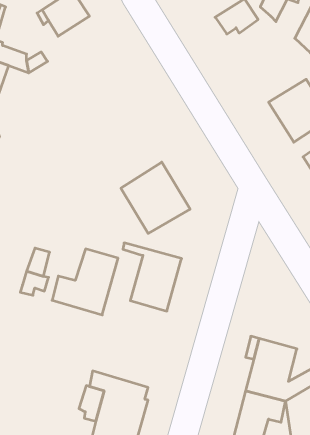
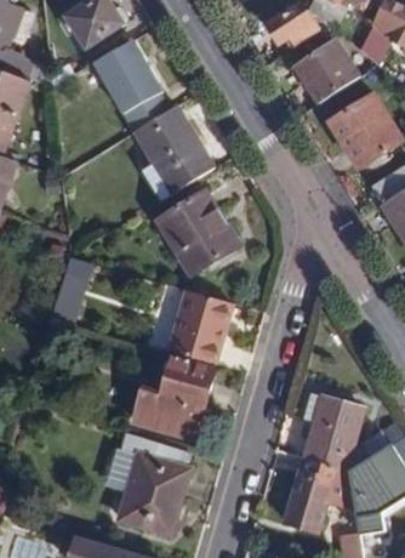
building: none -> [293,38,359,103]
building: none -> [81,52,165,120]
building: none -> [133,104,213,199]
building: [52,249,118,315] -> [135,360,211,437]

